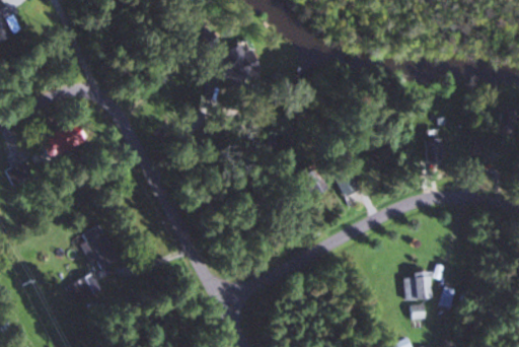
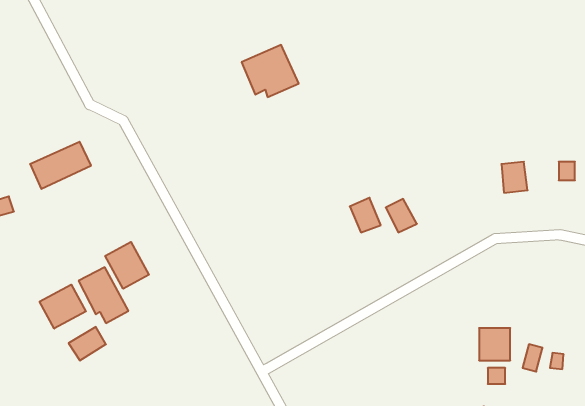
building: none -> [105,242,149,289]
building: none -> [40,285,86,329]

